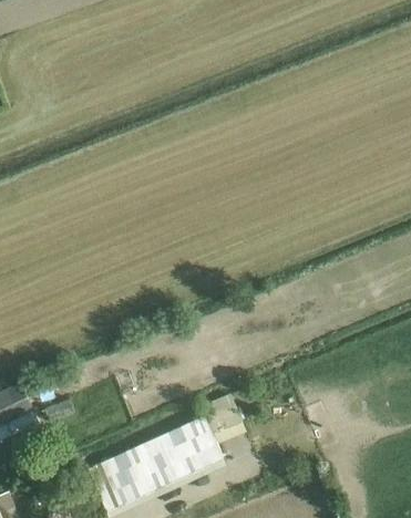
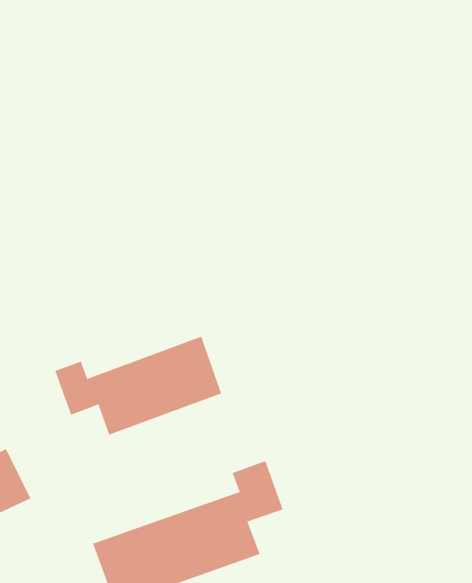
building: none -> [55,336,222,436]

